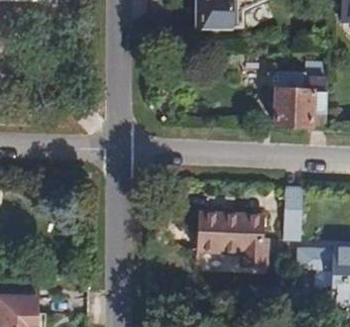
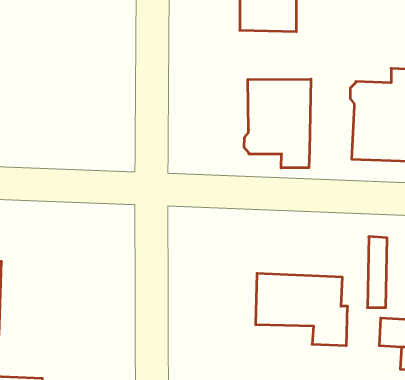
building: none -> [244,79,311,168]

